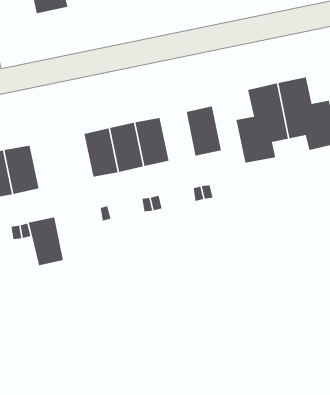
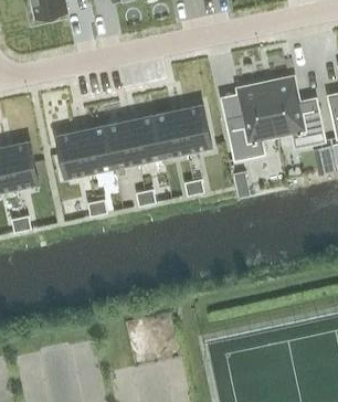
building: none -> [154,109,187,157]
building: [28,217,64,266] -> [55,130,89,178]

